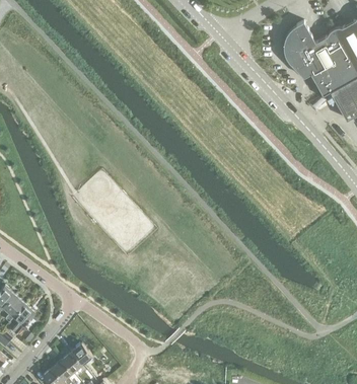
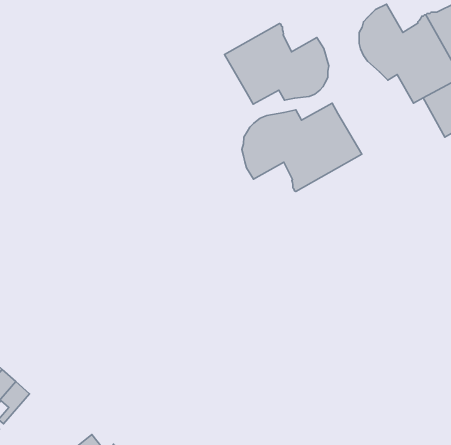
building: none -> [224,23,329,104]
building: none -> [242,103,362,192]

